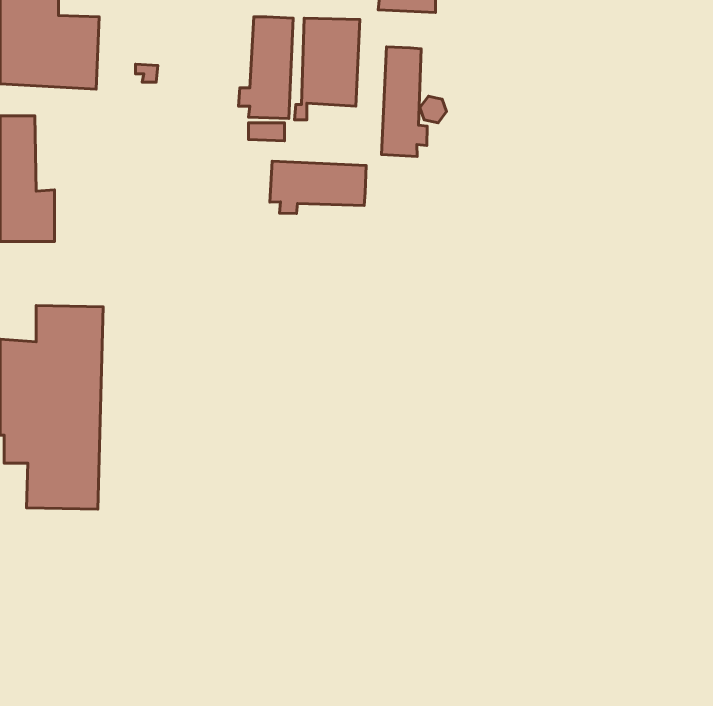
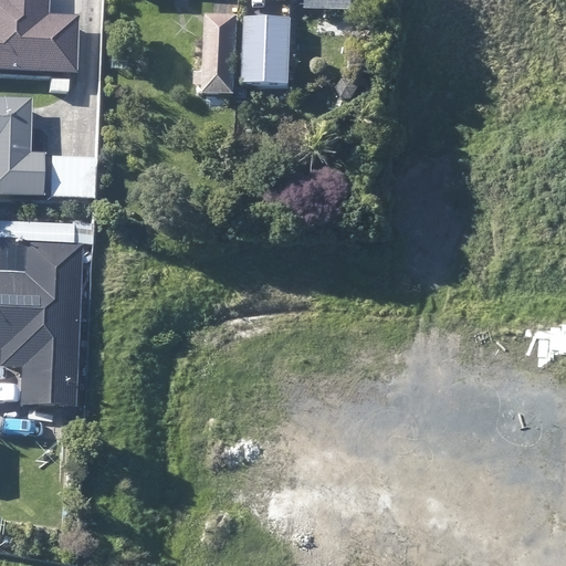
building: [381,47,427,157] -> none
building: [270,161,366,213] -> none

